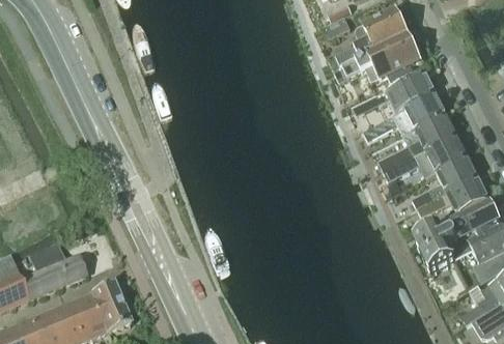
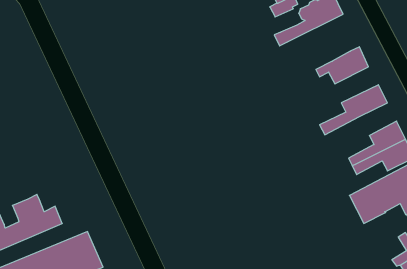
building: [334,34,419,88] -> none
building: [364,94,447,140] -> none
building: [386,136,468,180] -> none

